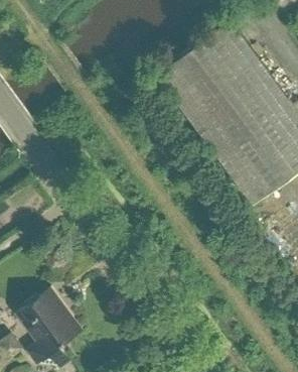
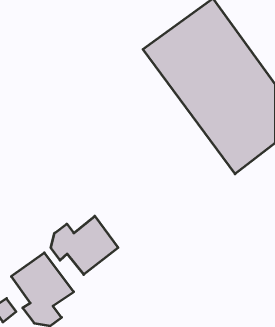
building: none -> [51,216,118,275]

